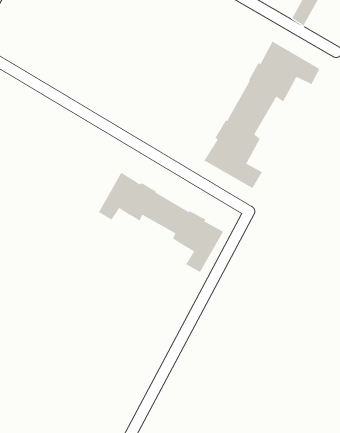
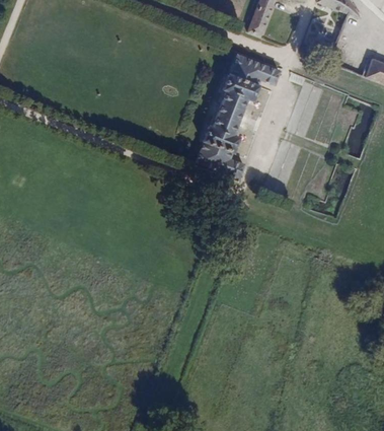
building: [98,172,224,273] -> none

